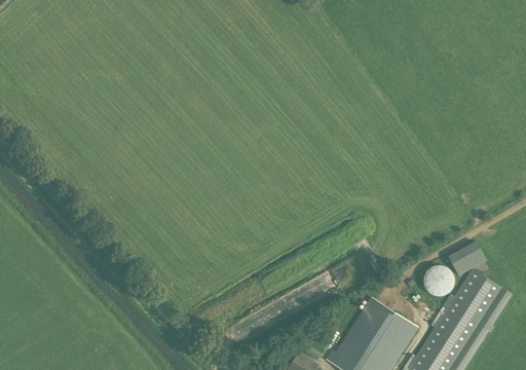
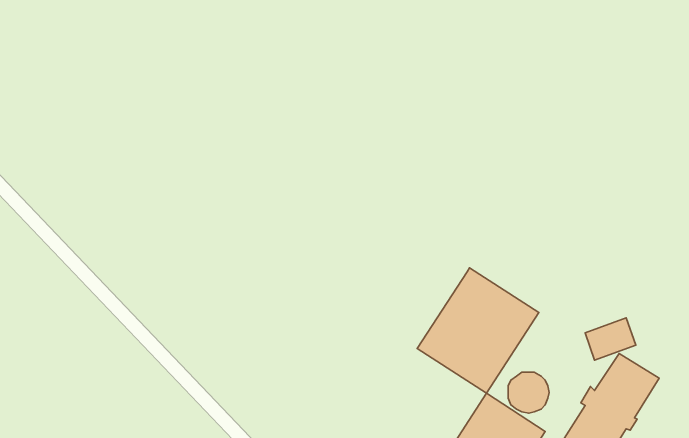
building: none -> [417,268,539,393]
building: [423,265,454,296] -> [508,372,549,413]

